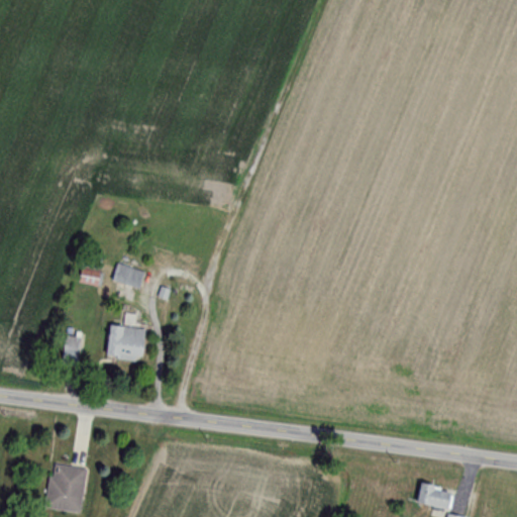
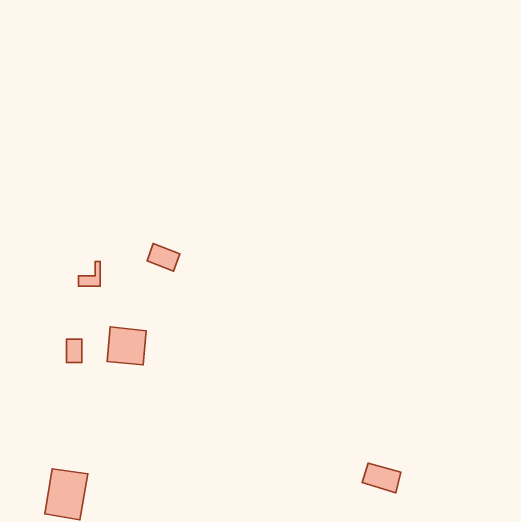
building: [113,262,145,289] -> [147,244,180,271]
building: [416,483,454,512] -> [362,463,401,493]

